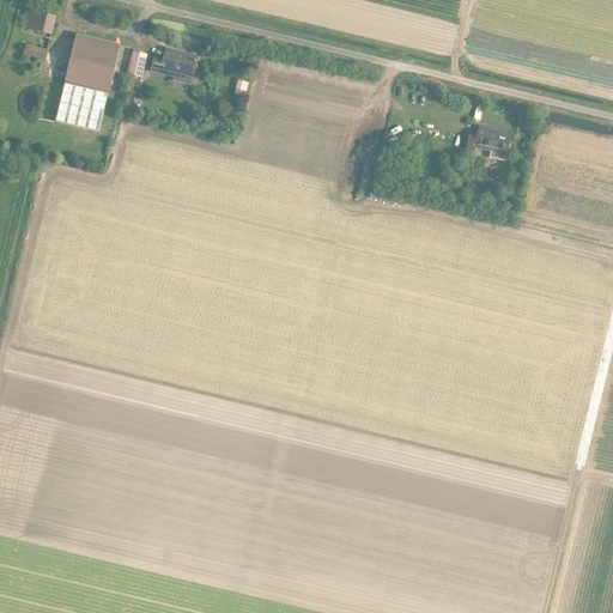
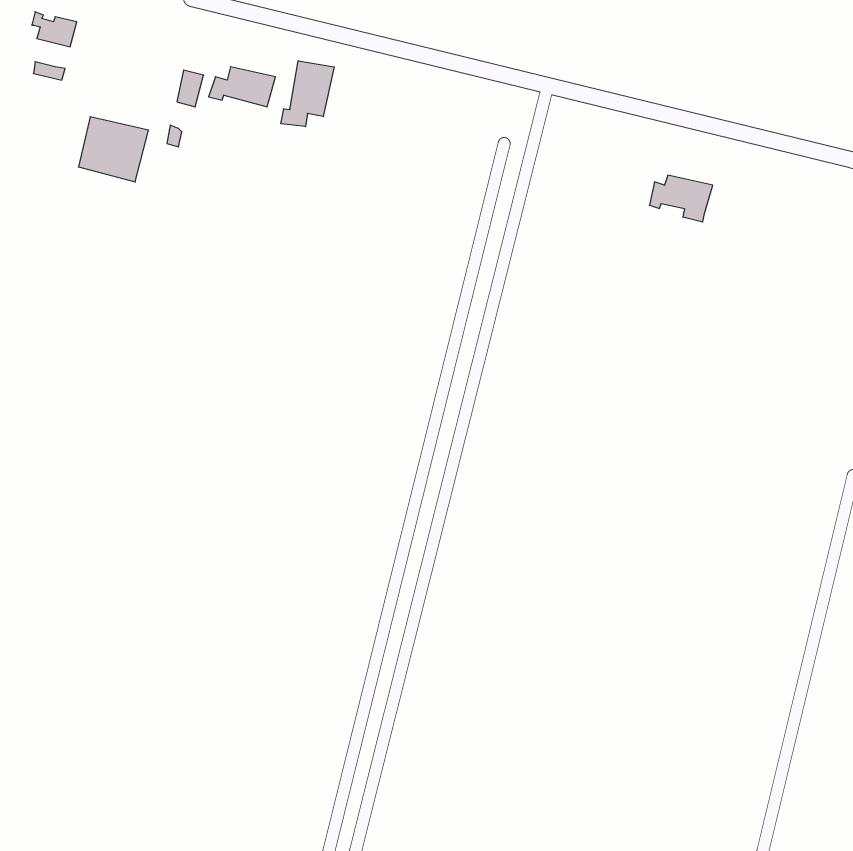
building: [63,34,120,92] -> none
building: none -> [281,61,334,127]

